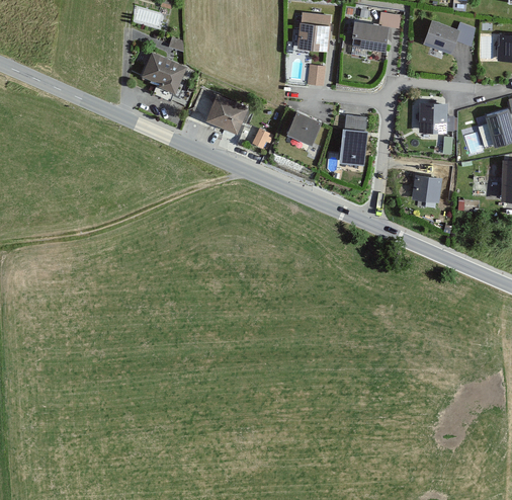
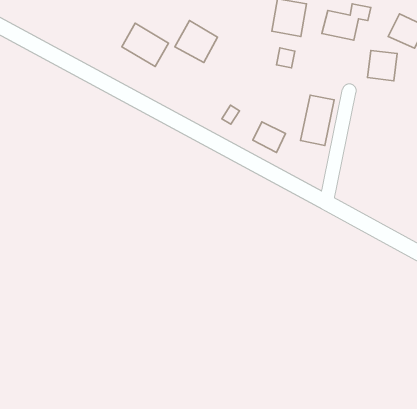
building: [203,92,248,136] -> [175,20,217,62]
building: [419,105,448,136] -> [368,50,397,81]
building: [288,112,323,144] -> [253,122,286,153]
building: [413,178,442,205] -> none

